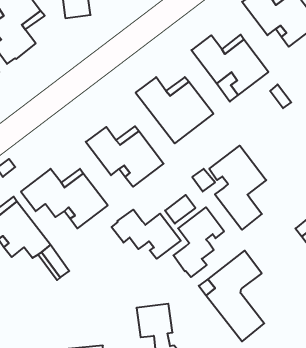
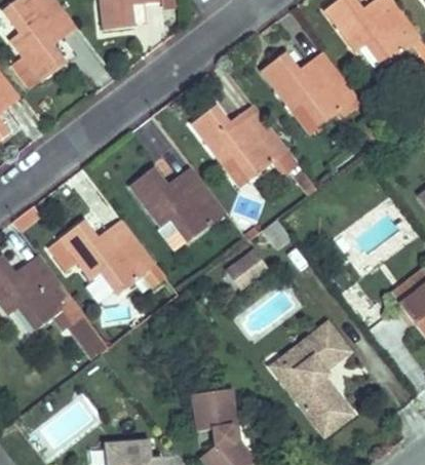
building: [209,146,266,230] -> none
building: [173,207,224,277] -> none
building: [112,210,181,259] -> none

